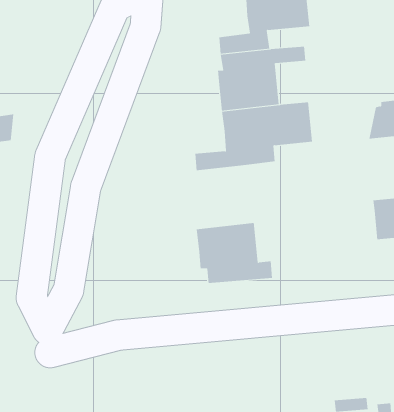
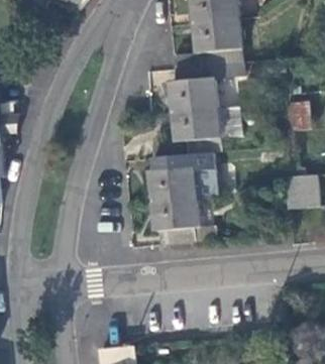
building: none -> [148,150,216,202]

